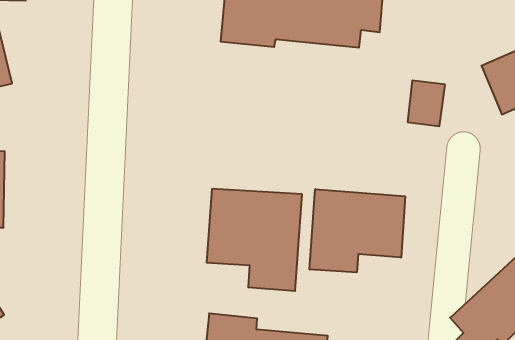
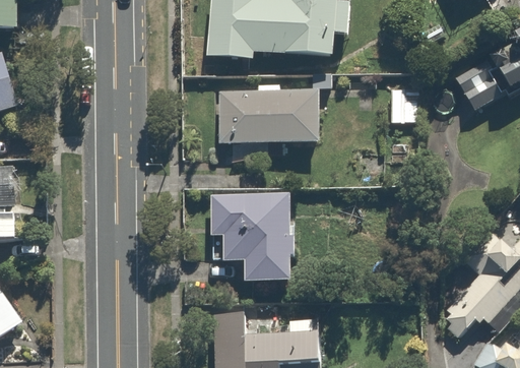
building: none -> [216,80,321,144]
building: [310,189,405,272] -> none

